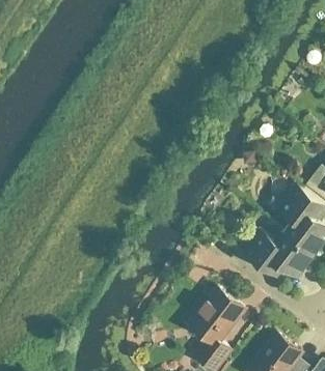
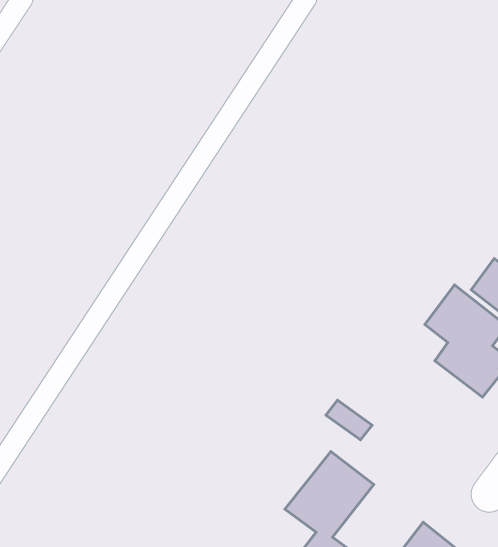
building: [243,231,314,278] -> none

